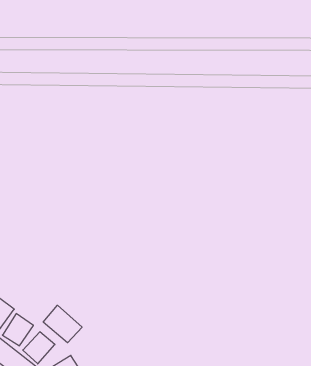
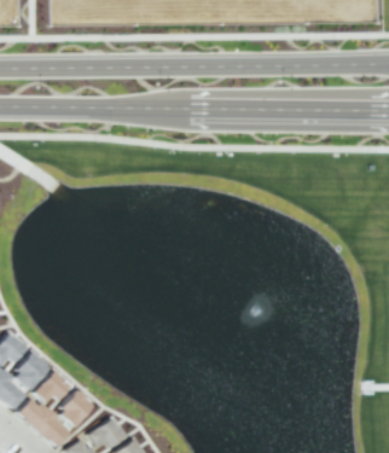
building: [43,305,82,343] -> none

